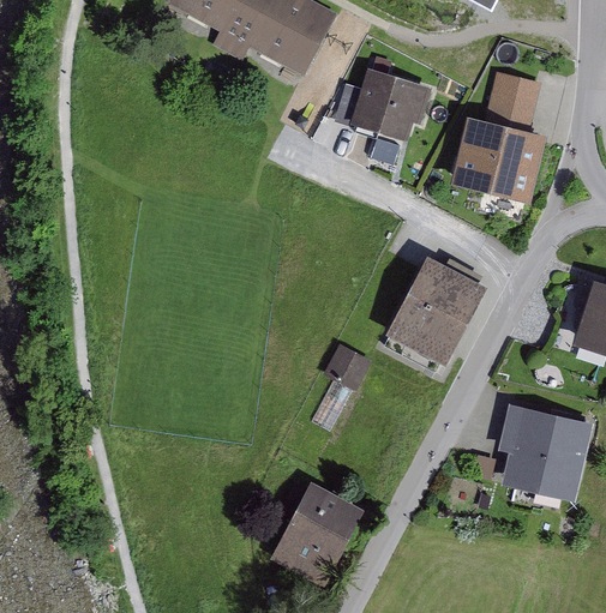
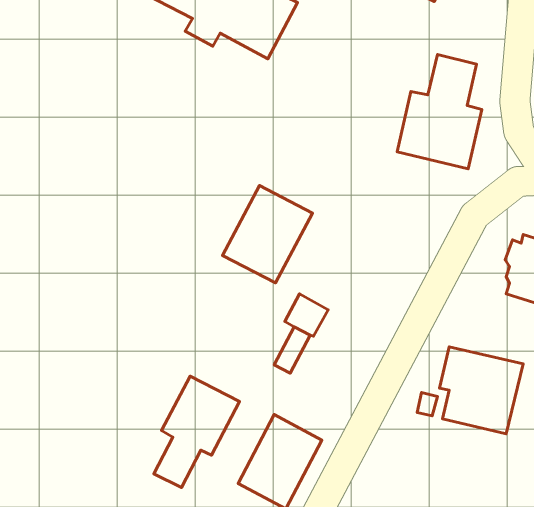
building: [334,67,432,139] -> none
building: [385,253,487,363] -> [222,185,313,283]
building: none -> [154,376,240,488]

